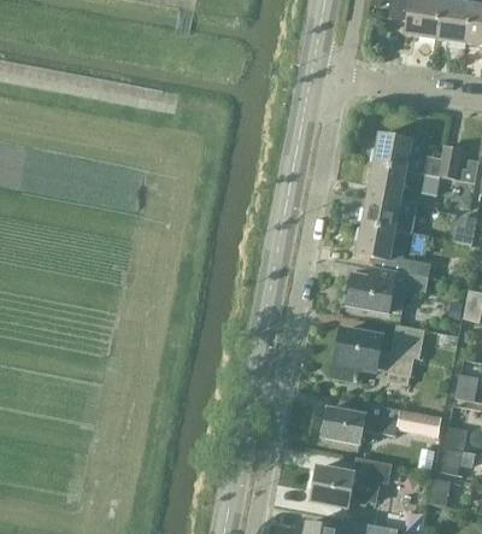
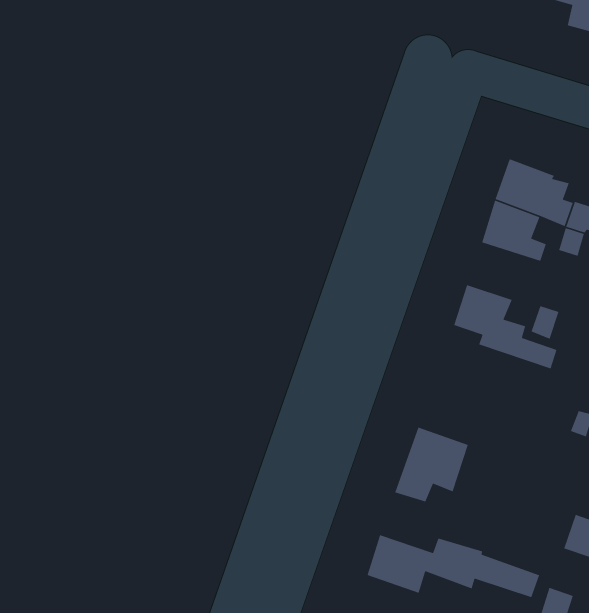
building: [362,194,417,233] -> none
building: [345,264,429,315] -> none
building: [388,324,424,374] -> none

